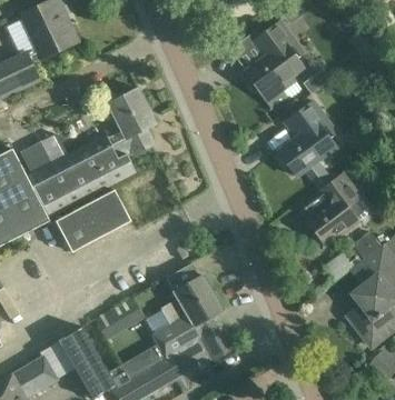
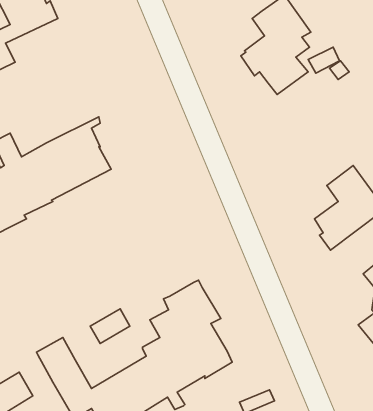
building: [107,88,155,176] -> none
building: [271,99,336,176] -> none
building: [55,189,130,251] -> none

